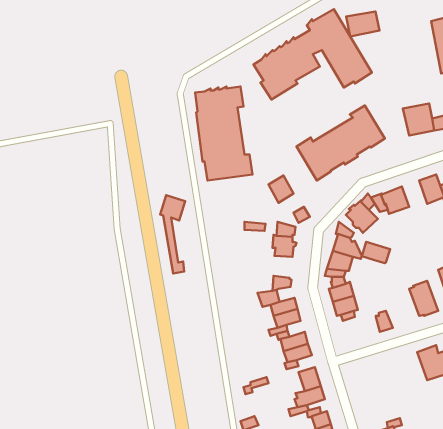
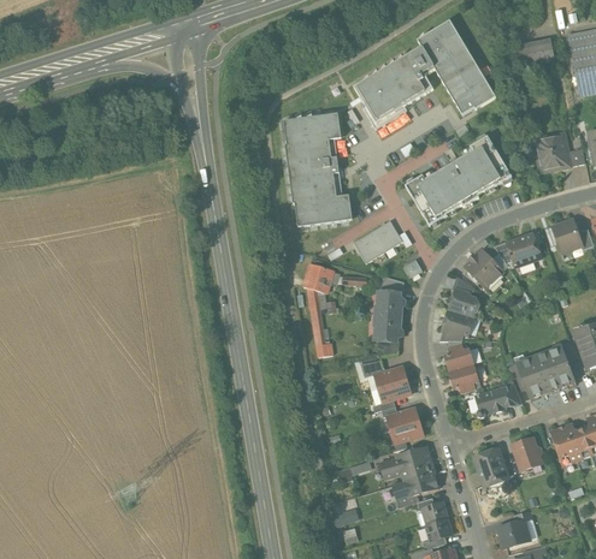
building: [346,12,379,37] -> [515,37,555,67]
building: none -> [354,230,384,262]
building: [160,195,185,274] -> [303,262,334,356]
building: [362,242,390,263] -> none
building: none -> [374,315,402,341]
building: none -> [517,355,553,397]
building: none -> [476,388,506,417]
building: none -> [512,436,542,469]
building: none -> [474,448,508,486]
building: none -> [382,454,415,480]

